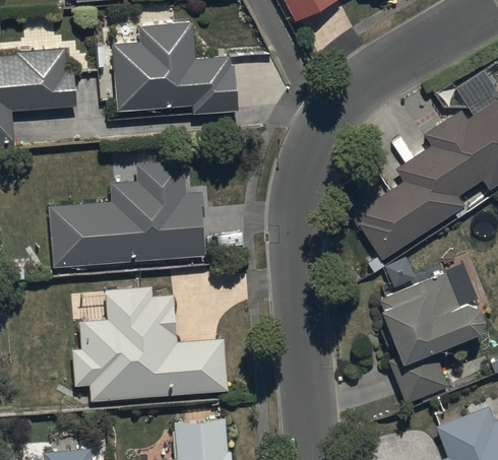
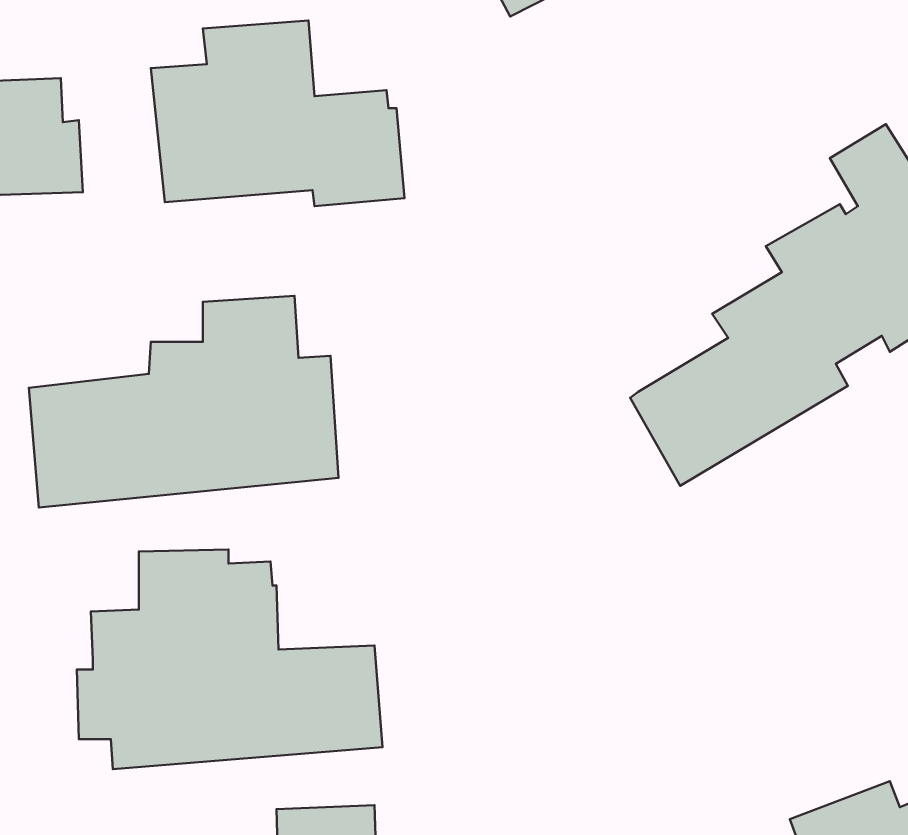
building: [379,272,487,402] -> none

